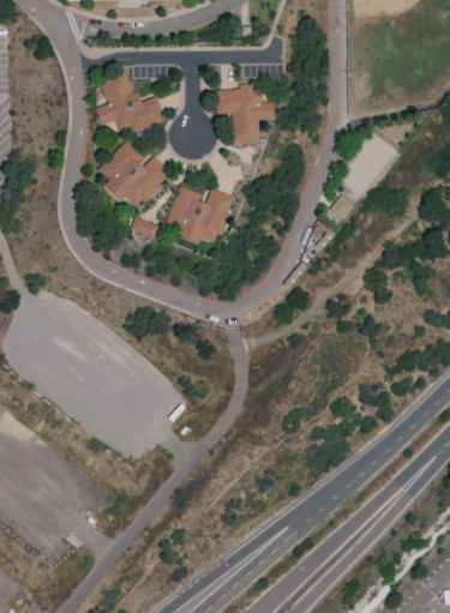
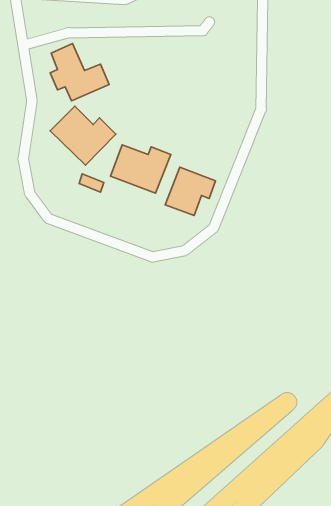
building: [216,84,266,145] -> none
building: none -> [165,167,215,216]

